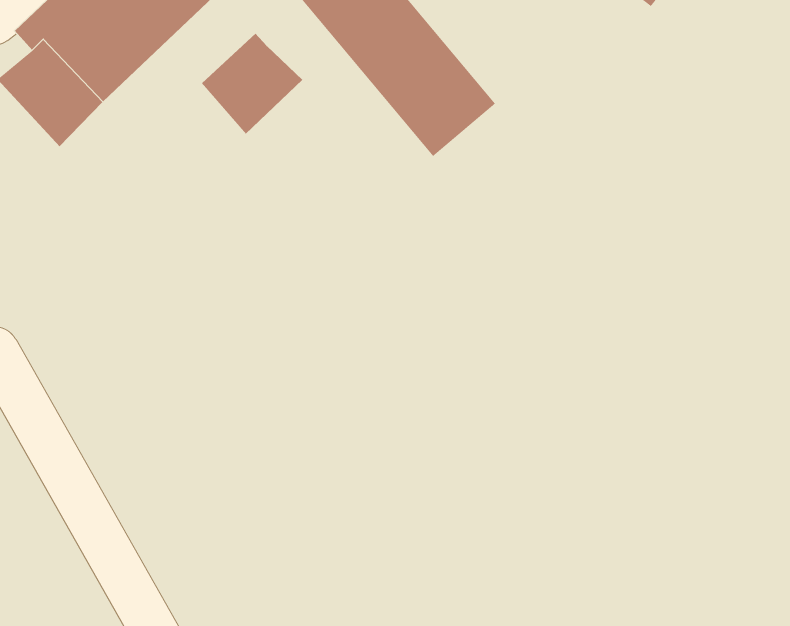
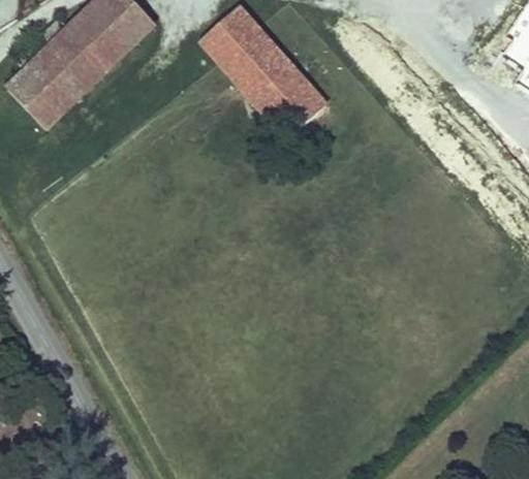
building: [201,33,303,134] -> none

